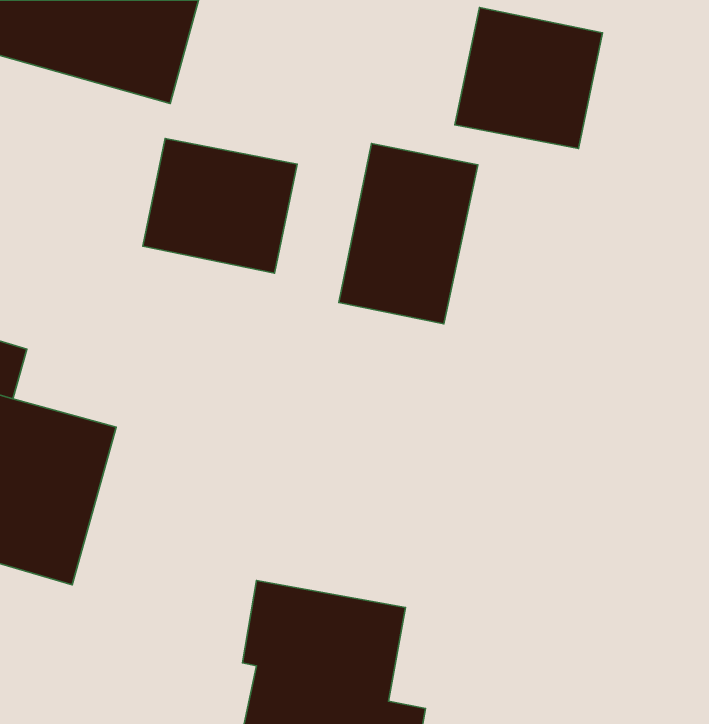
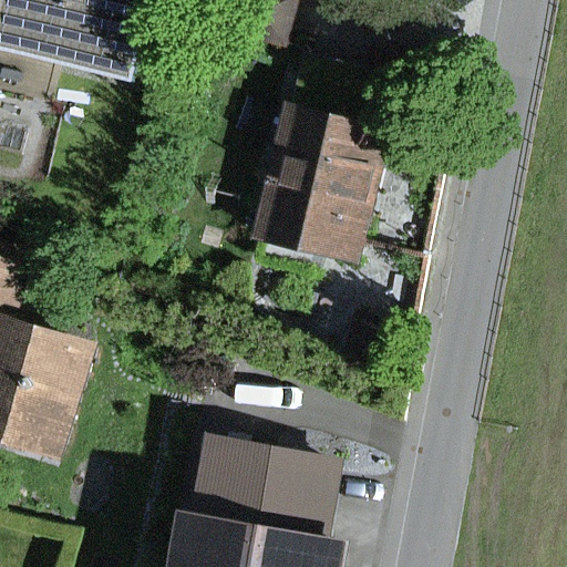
building: [455,8,602,149] -> none
building: [143,138,297,273] -> none

